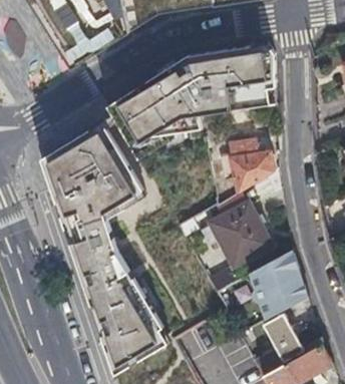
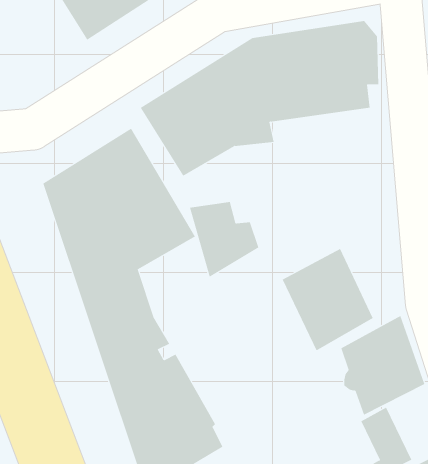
building: [226,138,275,191] -> [189,202,259,278]

